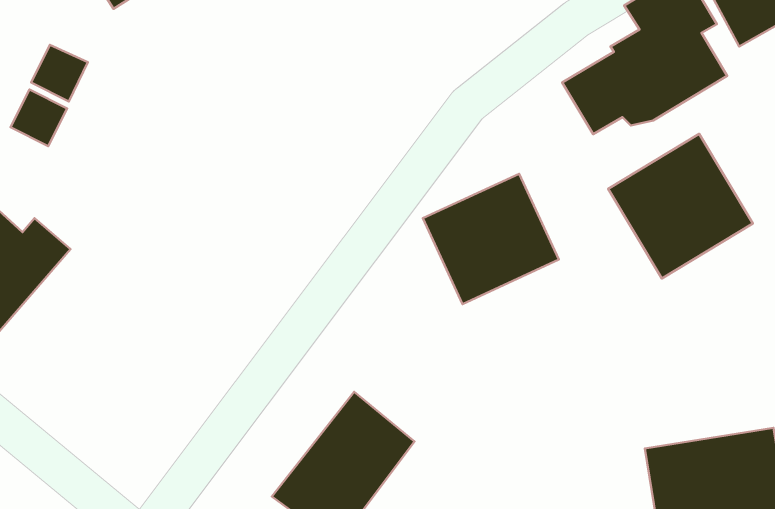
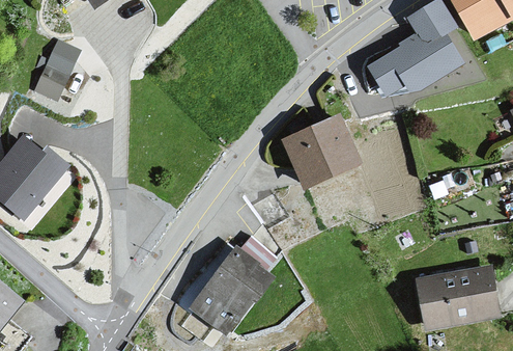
building: [608,134,753,278] -> none

